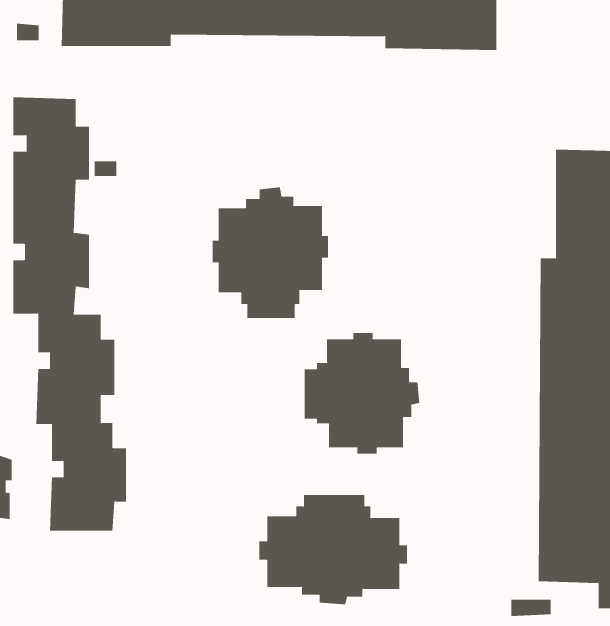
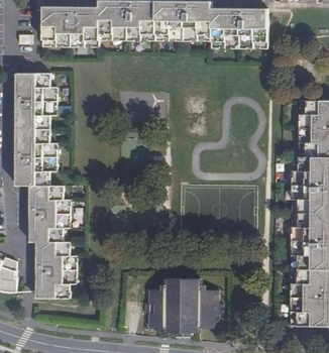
building: [212,187,329,319] -> none
building: [304,332,420,455] -> none

